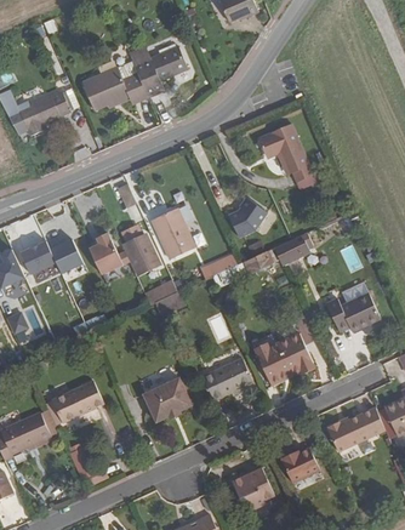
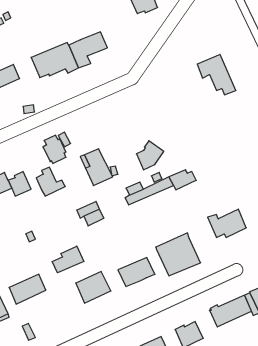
building: [258,124,312,179] -> [197,54,236,95]
building: [124,234,155,273] -> [43,135,66,163]
building: none -> [52,246,84,273]

